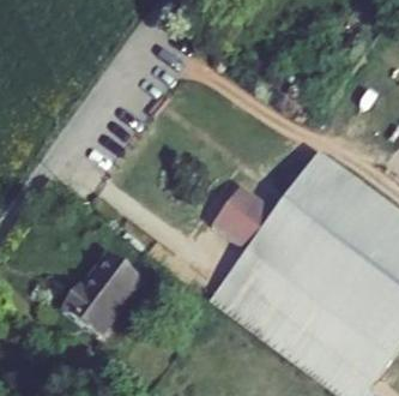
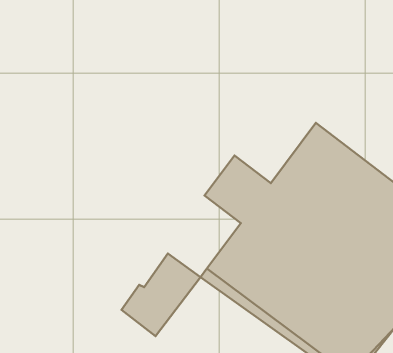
building: [69,256,145,335] -> [122,253,201,336]

